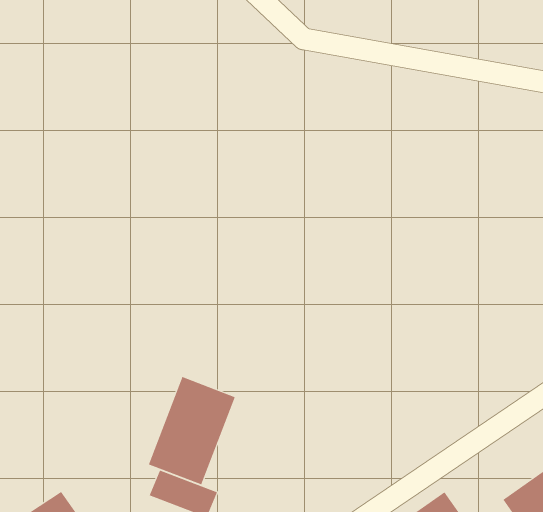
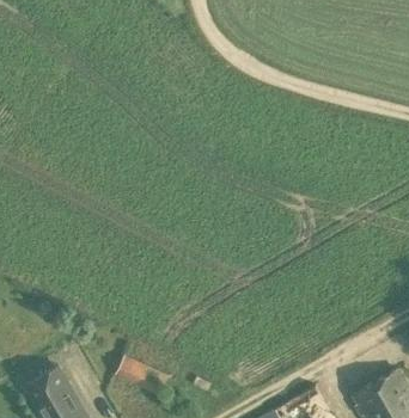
building: [148,376,235,485] -> none

